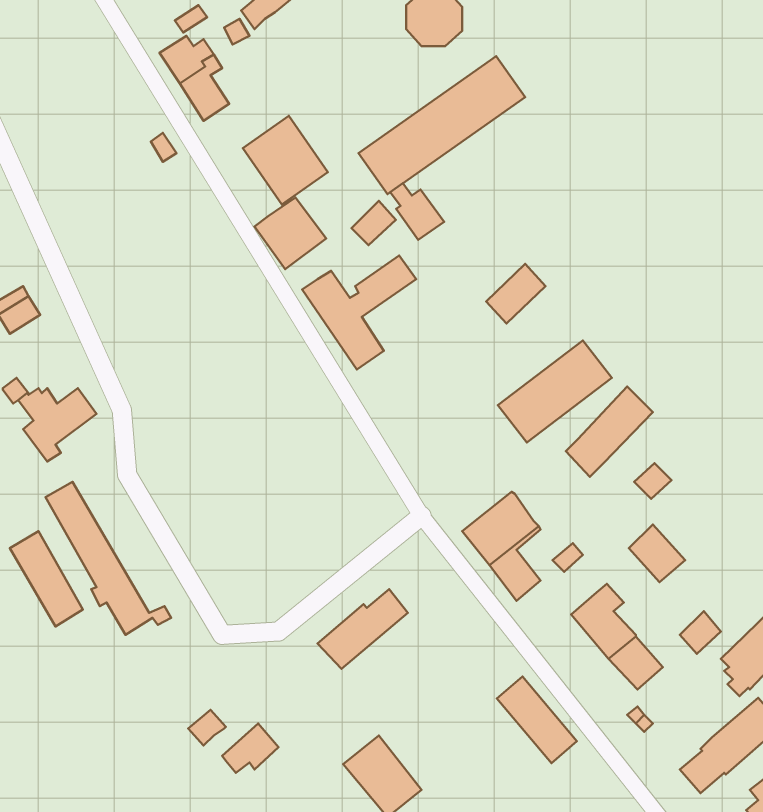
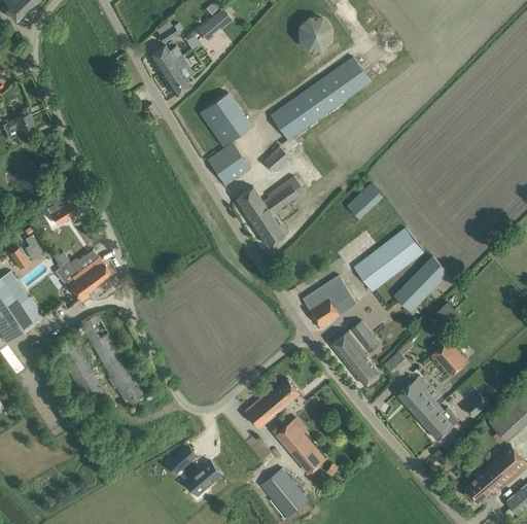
building: [390,183,444,240] -> none
building: none -> [302,276,356,327]
building: [497,676,577,763] -> [276,421,324,474]

